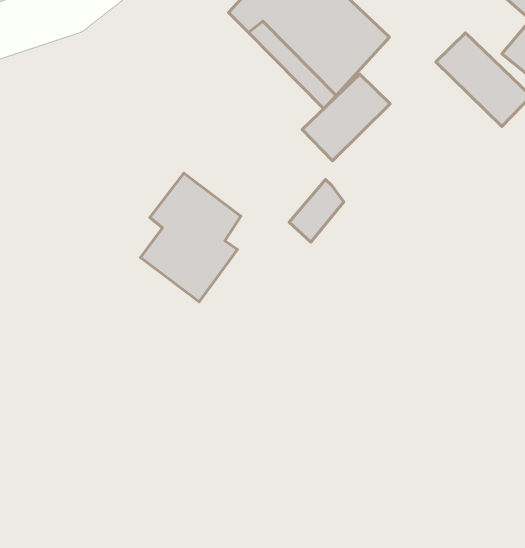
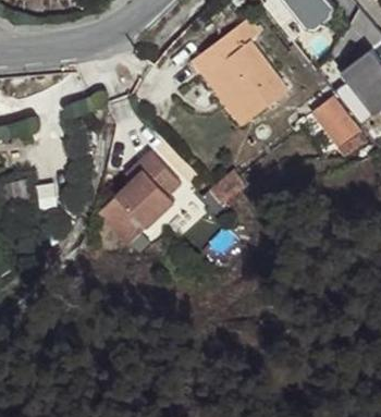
building: [302,74,390,161] -> none
building: none -> [98,197,146,245]

